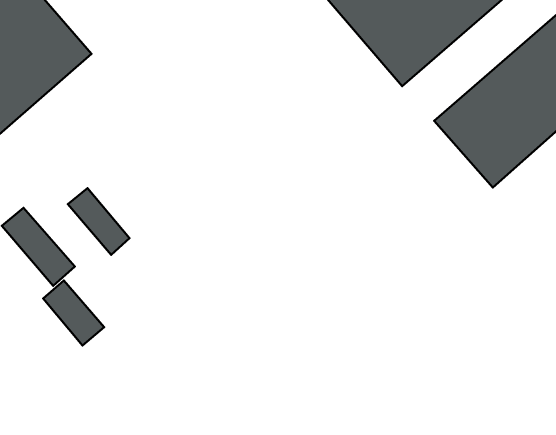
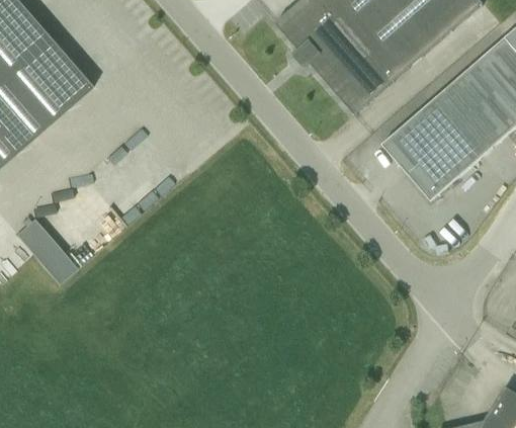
building: [68,188,130,255] -> none
building: [43,280,104,345] -> none

